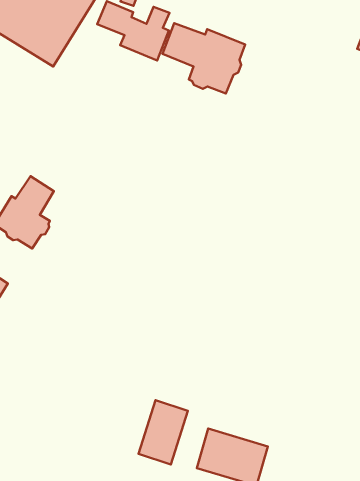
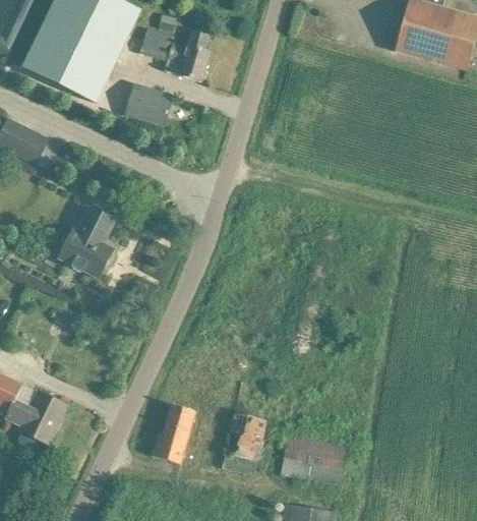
building: [163,23,245,94] -> none
building: none -> [125,83,173,125]
building: none -> [152,403,195,463]

